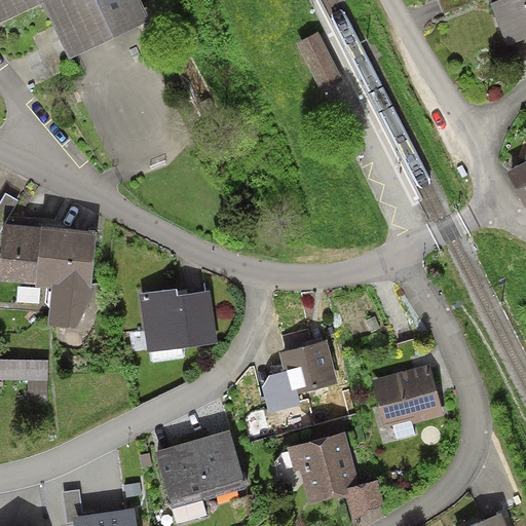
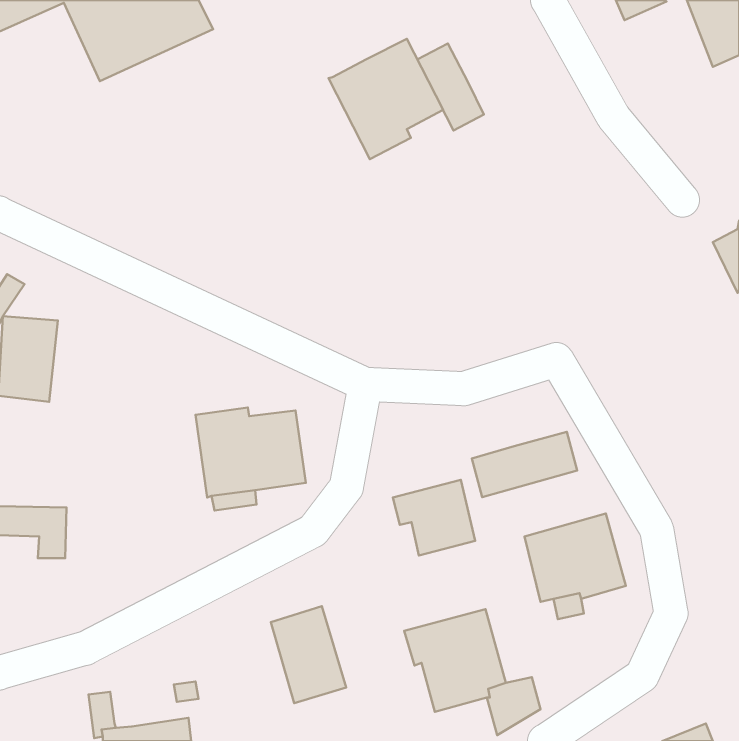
building: none -> [328,39,443,159]
building: [35,227,97,329] -> none
building: none -> [472,432,577,497]
building: [261,370,300,413] -> none
building: [154,441,209,510] -> none

